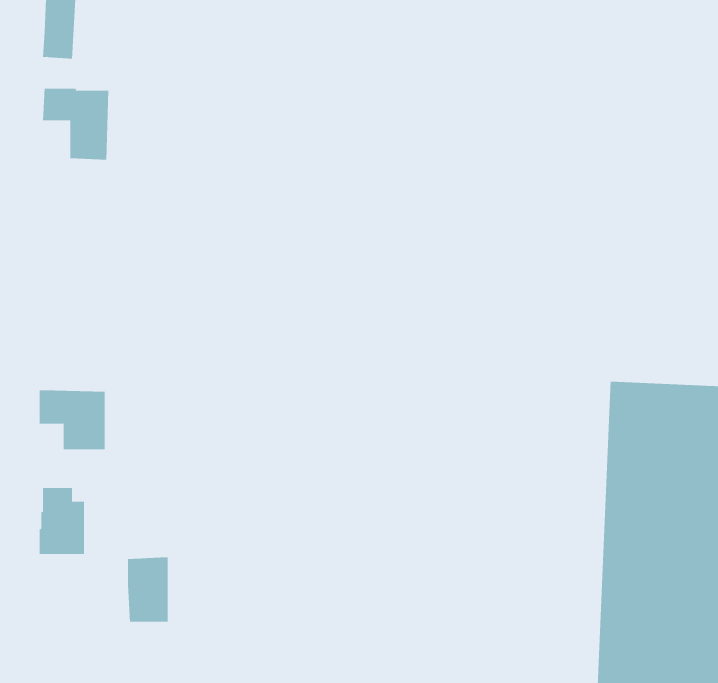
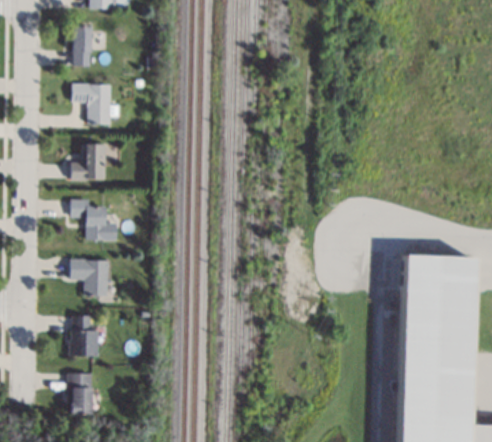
building: none -> [72,144,107,179]
building: none -> [71,199,118,239]
building: [127,557,168,622] -> [69,373,93,411]

